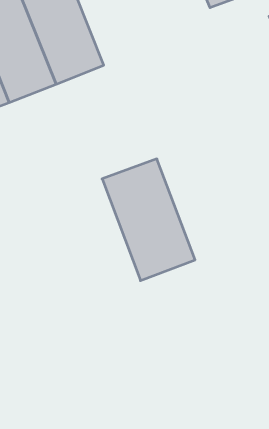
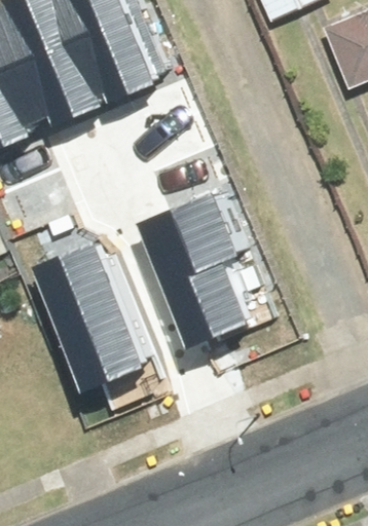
building: none -> [29,240,139,384]

